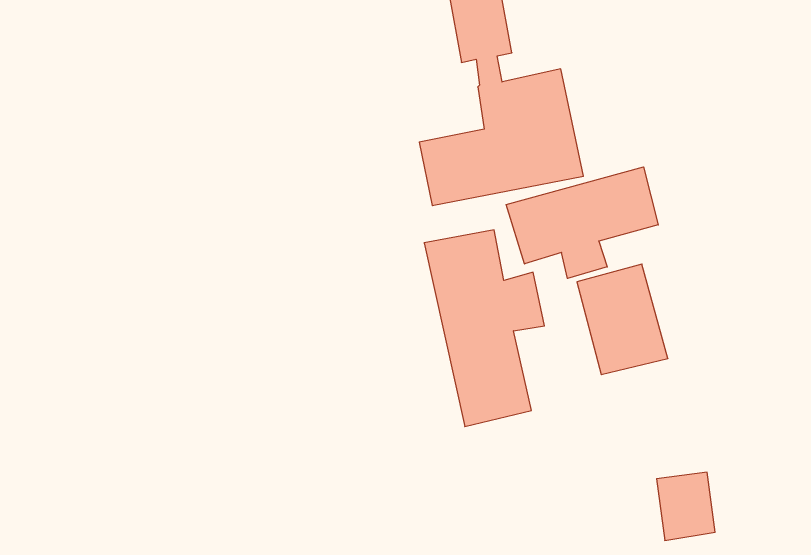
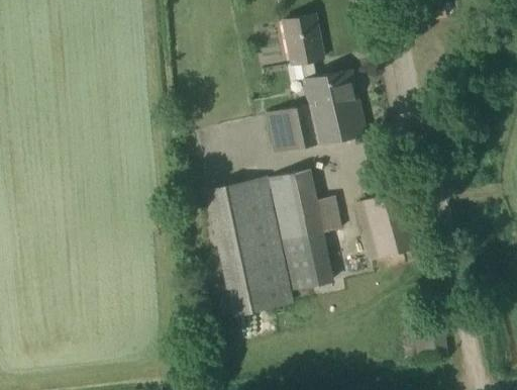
building: [506,167,658,278] -> none
building: none -> [205,176,294,316]

